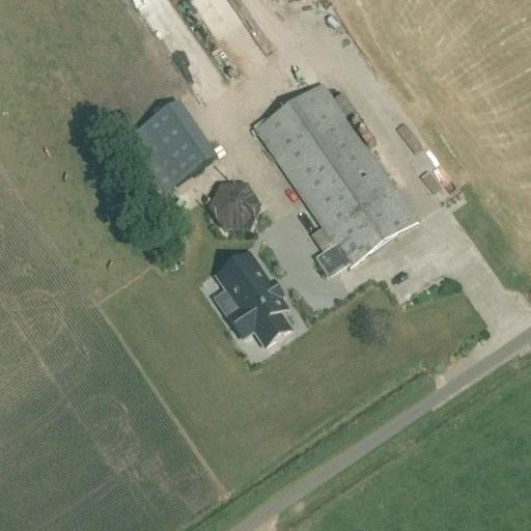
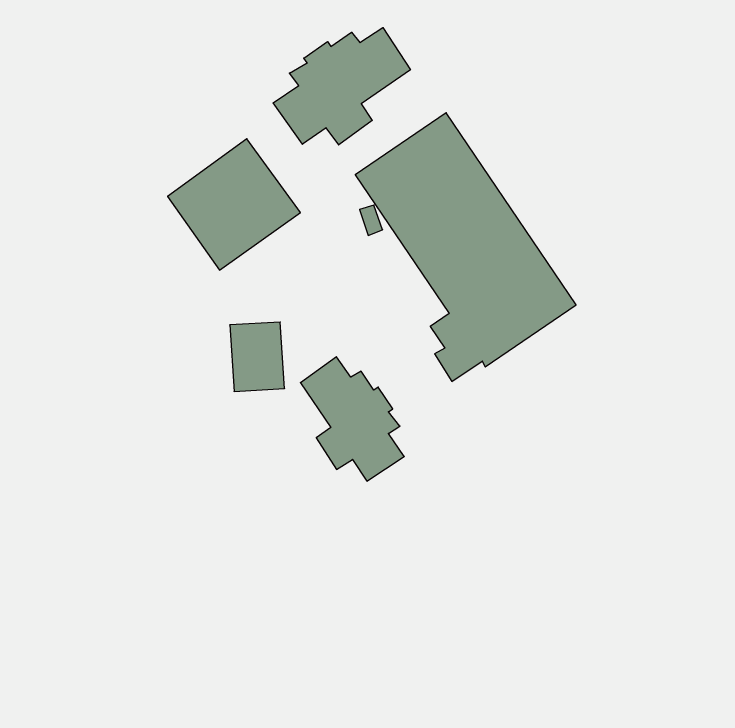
building: none -> [273,28,410,145]
building: [215,179,254,229] -> [230,322,285,391]

